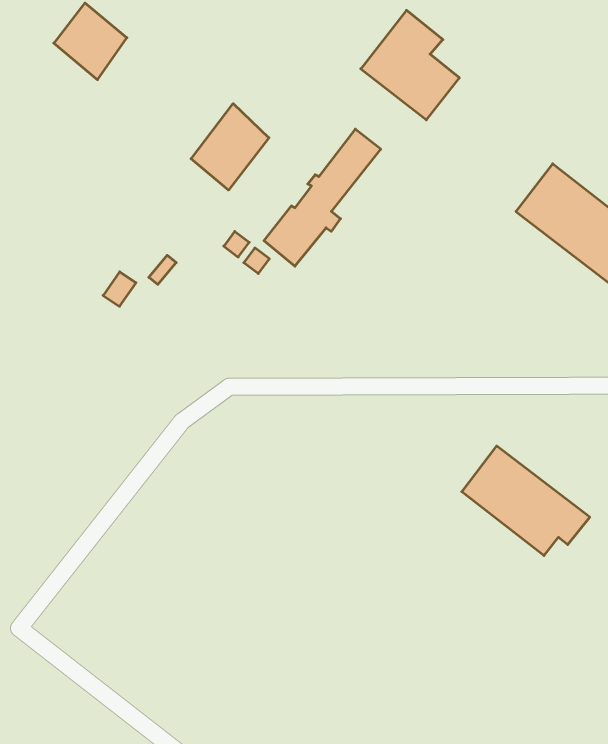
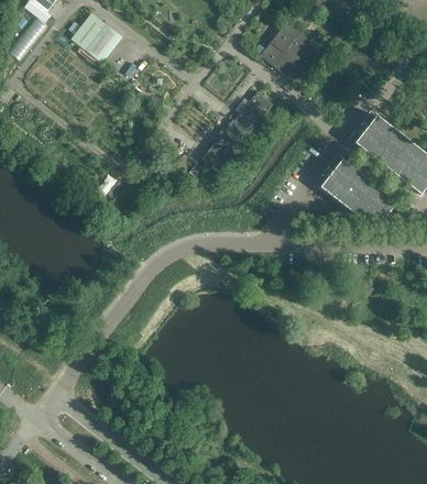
building: [191,104,269,190] -> none
building: [462,446,590,556] -> [318,160,395,226]

